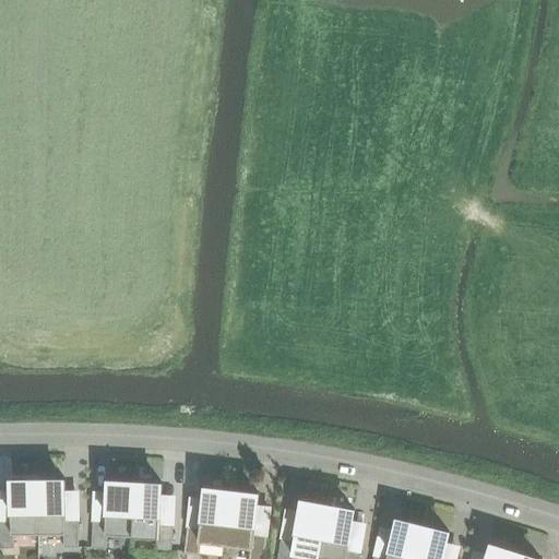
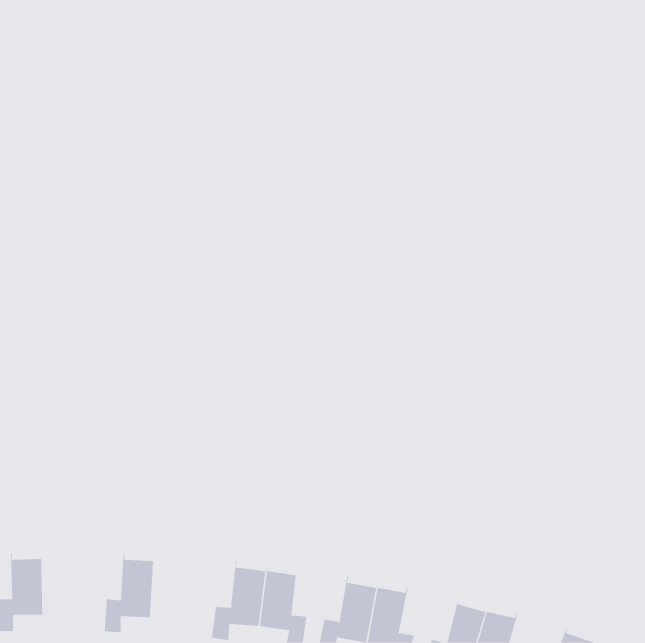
building: [36,477,76,546] -> none
building: [130,480,171,550] -> none

